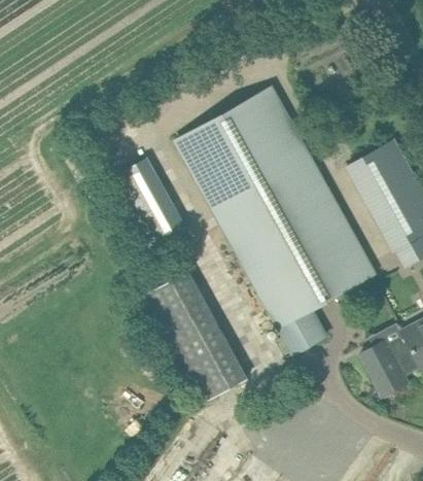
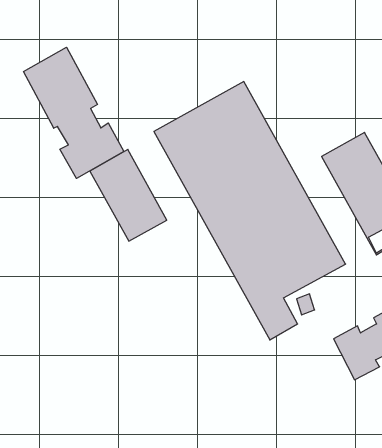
building: none -> [24,47,124,178]
building: [148,269,250,403] -> none

